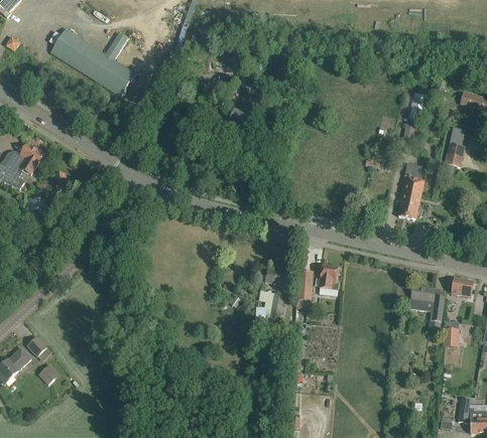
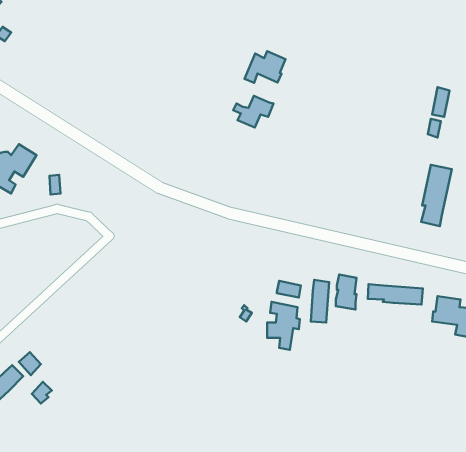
building: [50,28,135,96] -> none
building: none -> [244,51,286,83]
building: none -> [368,284,423,305]

